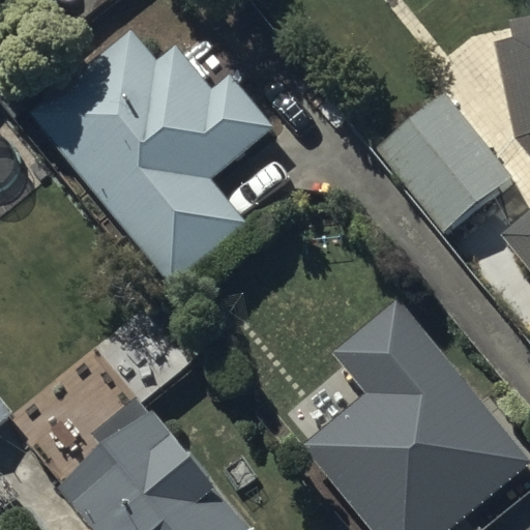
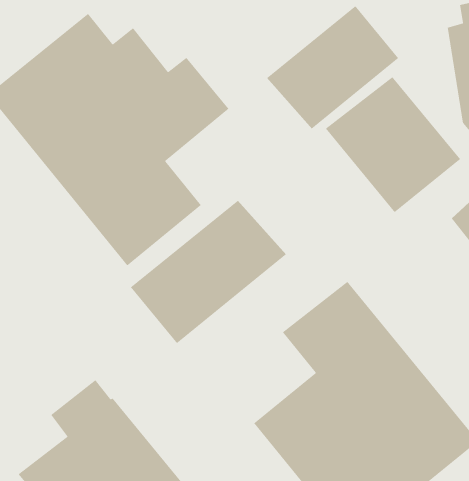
building: none -> [266,5,399,129]
building: none -> [130,200,287,344]

